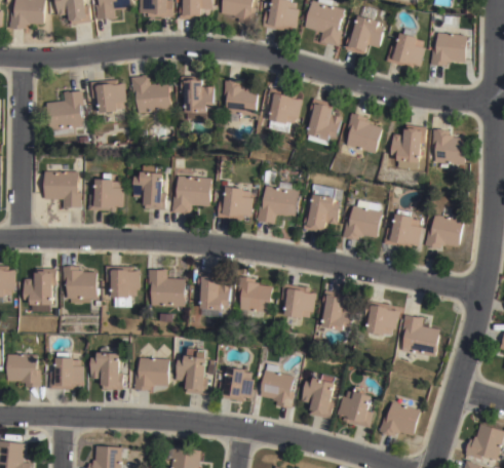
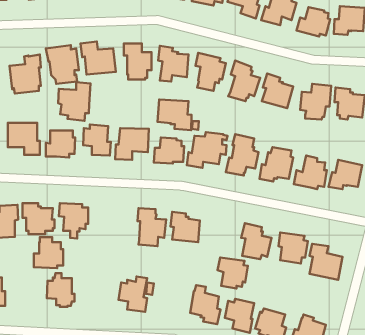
building: none -> [58,82,90,121]
building: none -> [157,100,192,130]
building: [147,268,186,307] -> none
building: [280,283,316,320] -> [218,257,248,288]
building: [49,353,84,390] -> [34,237,63,268]
building: [134,358,169,392] -> none
building: [218,368,256,402] -> none

